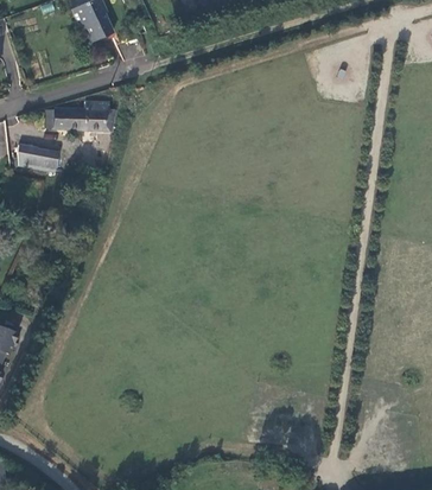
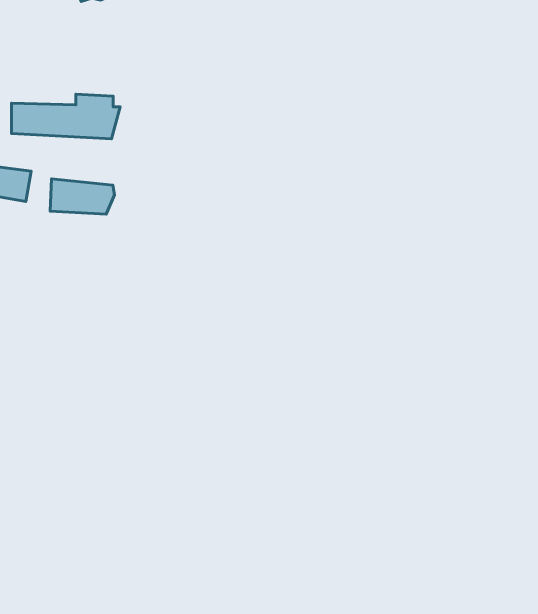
building: none -> [50,179,114,214]

